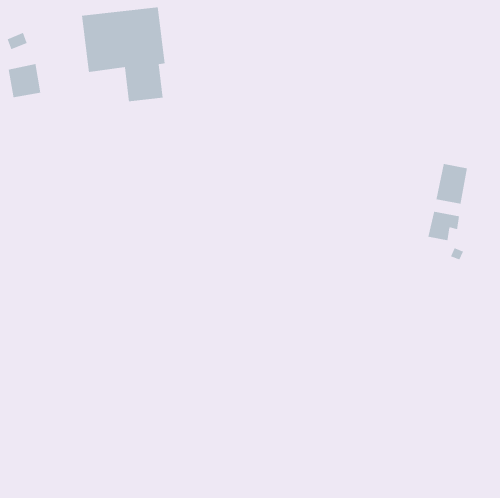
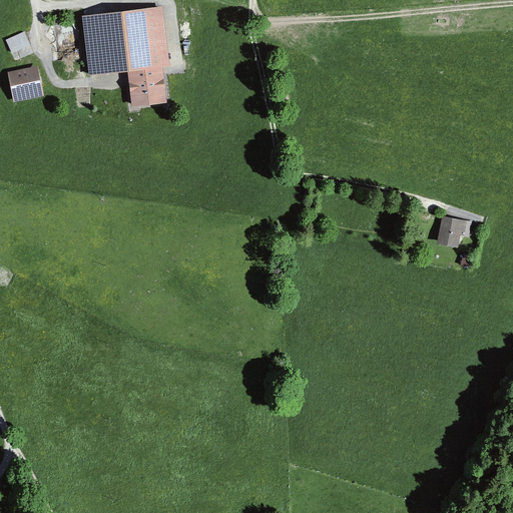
building: [436,163,468,204] -> none

